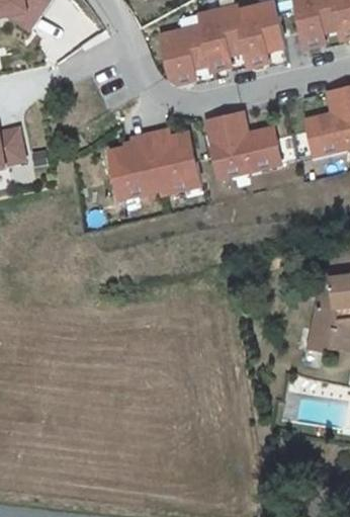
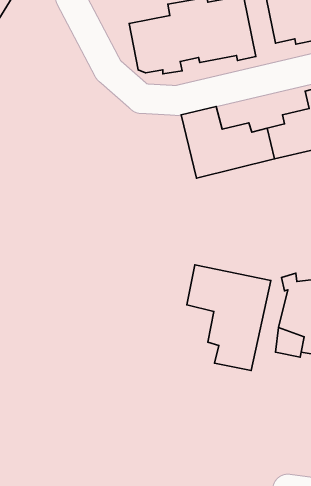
building: [112,130,203,198] -> none
building: none -> [187,265,271,370]

